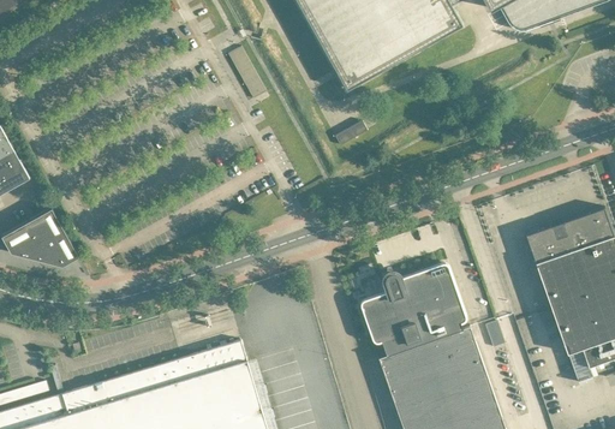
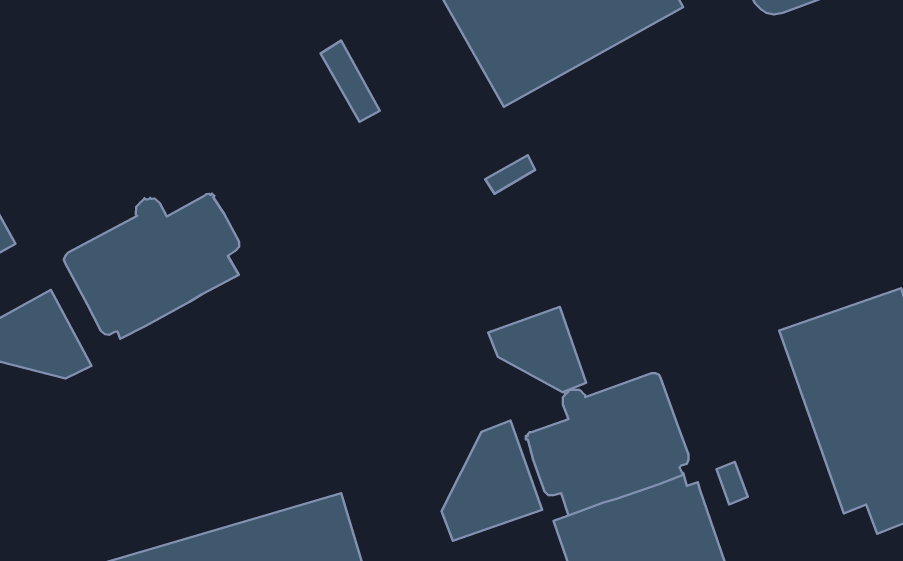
building: none -> [64,194,239,339]
building: none -> [488,307,586,392]
building: none -> [441,421,542,541]

